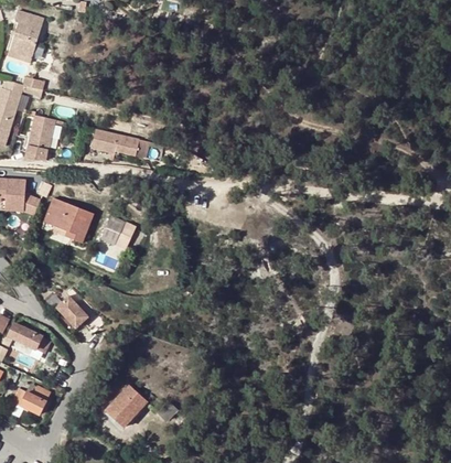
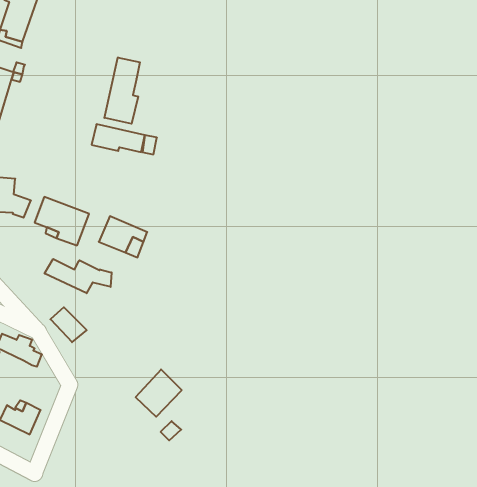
building: none -> [104,57,140,124]
building: [29,118,54,165] -> none
building: none -> [45,259,112,293]
building: [105,384,147,427] -> [136,369,182,417]

